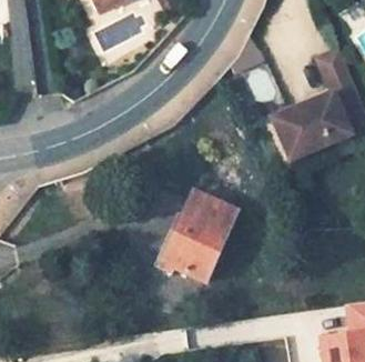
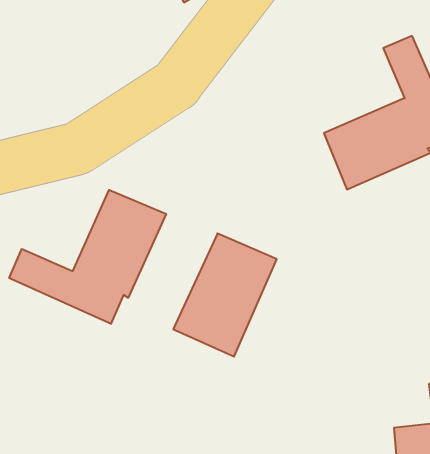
building: none -> [9,190,166,324]

